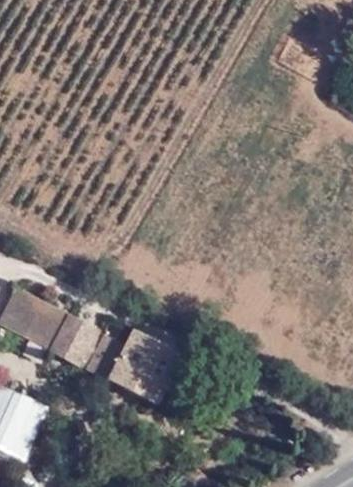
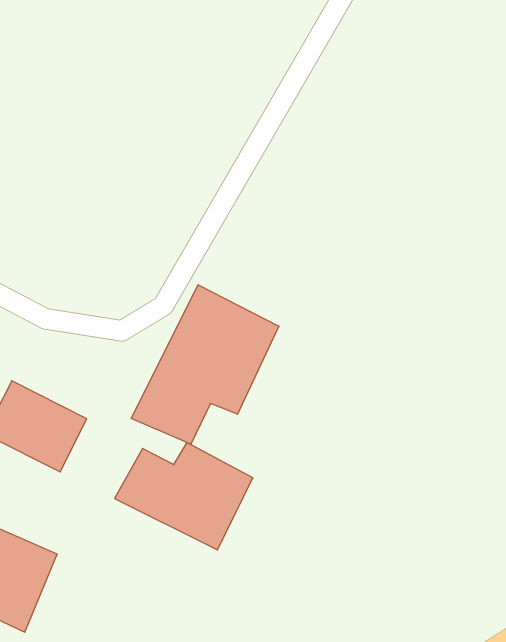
building: none -> [131,285,279,444]
building: [49,313,97,362] -> none

